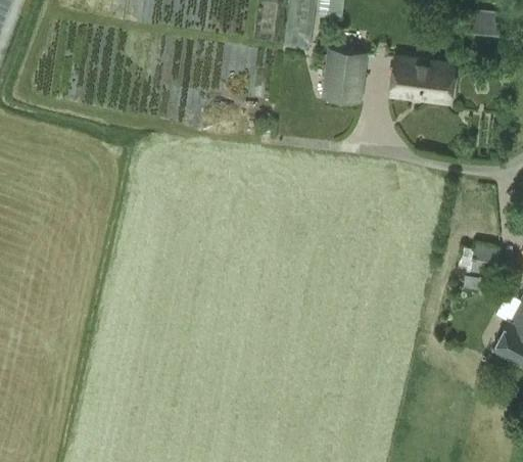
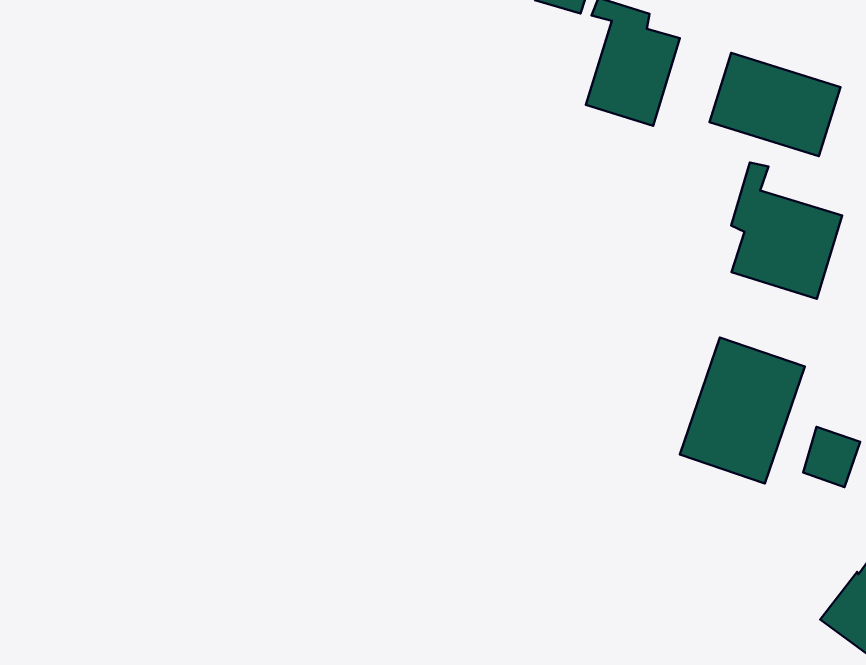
building: none -> [731,162,842,299]
building: none -> [680,337,805,484]

